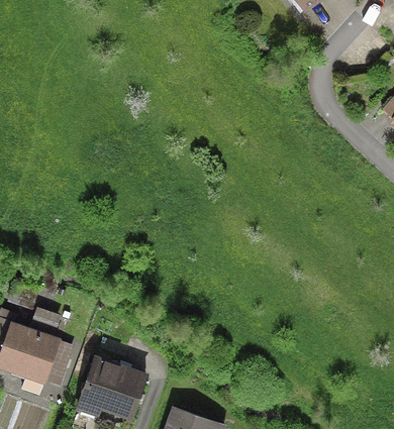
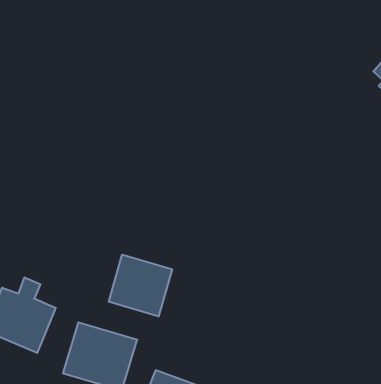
building: none -> [109,255,172,316]

